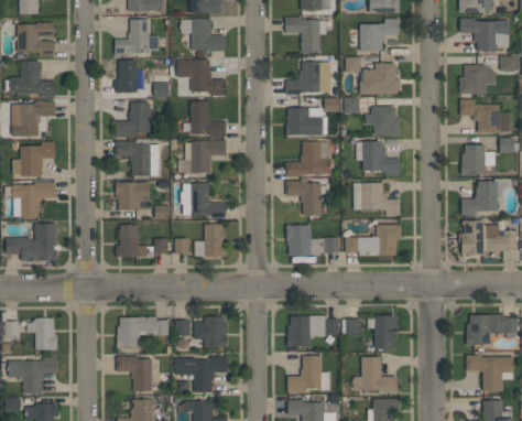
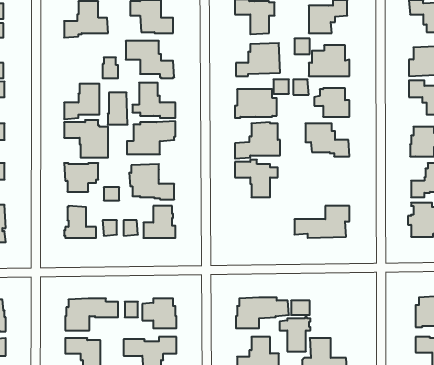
building: [118,61,138,93] -> [108,93,128,125]
building: [354,183,401,216] -> none
building: [287,225,339,257] -> none
building: [368,315,399,349] -> [280,317,310,351]

